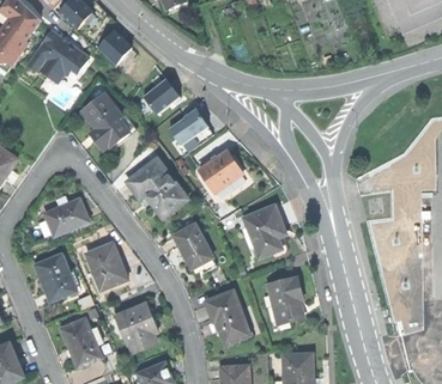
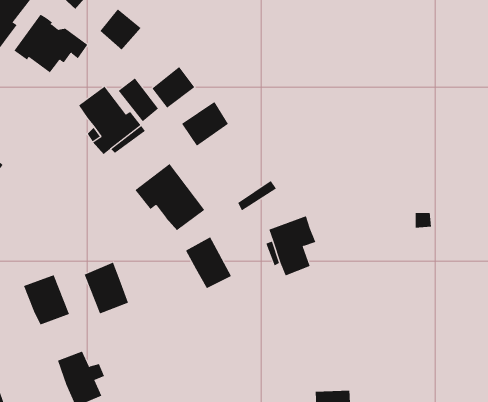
building: none -> [118,78,159,122]
building: [195,150,240,191] -> none
building: [44,199,87,232] -> none
building: [266,276,304,325] -> none
building: [204,289,250,345] -> none
building: [109,304,157,352] -> none

